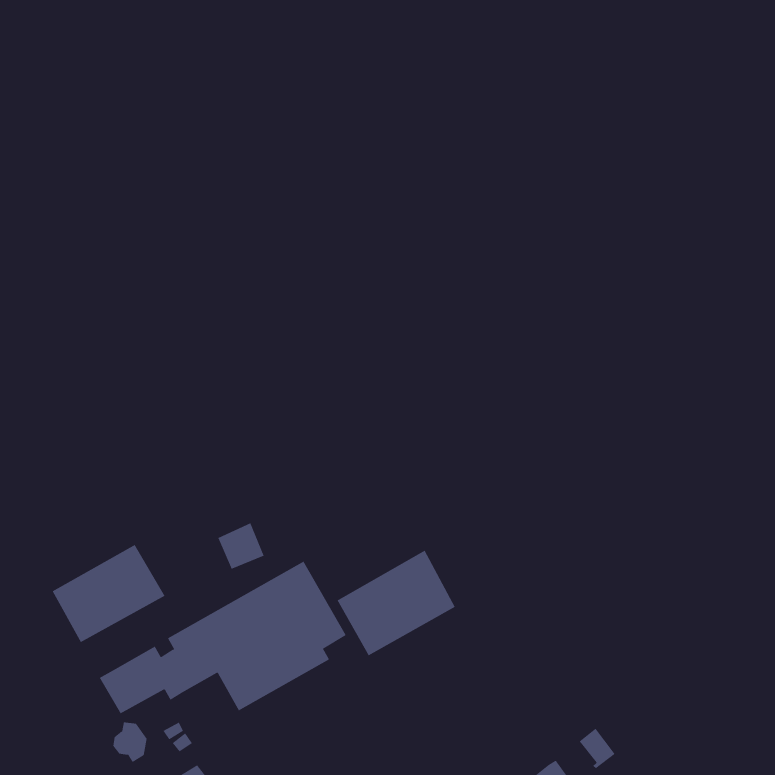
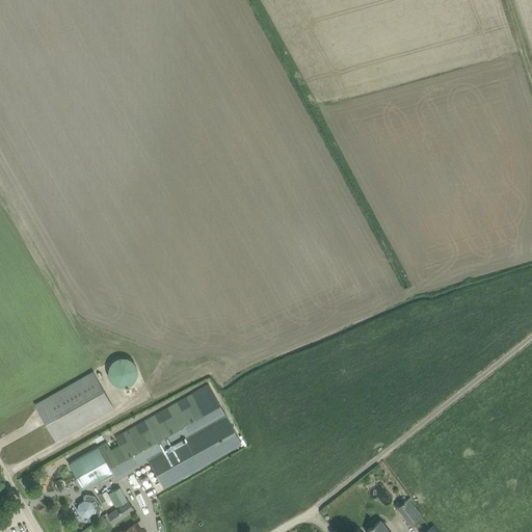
building: [217,522,265,570] -> [110,355,142,388]
building: [337,550,456,656] -> none

